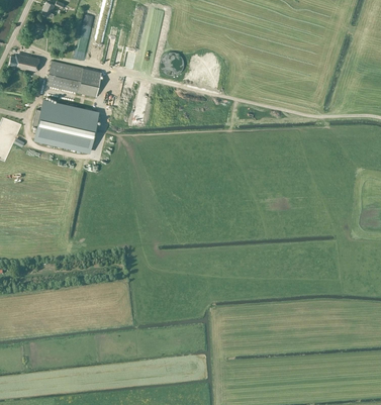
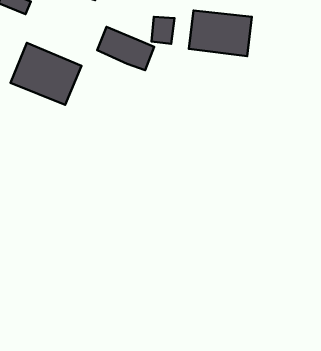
building: none -> [189,10,252,56]
building: [46,61,101,96] -> [97,27,154,70]

